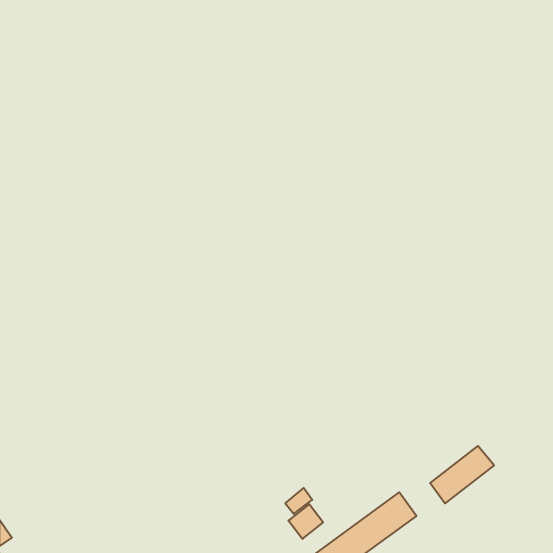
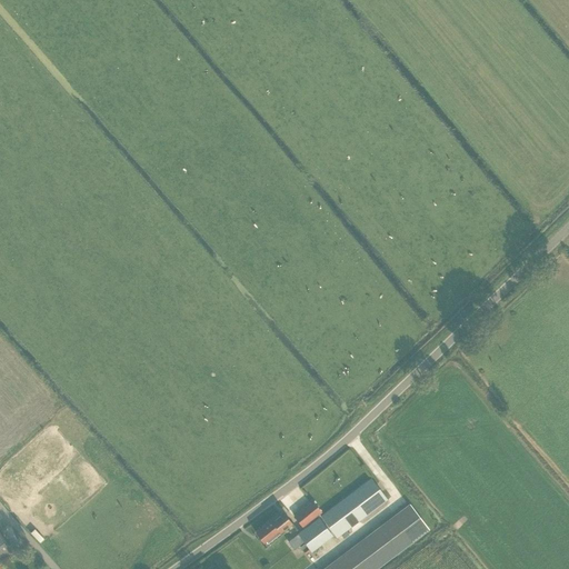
building: [430,446,494,503] -> [320,480,386,539]
building: none -> [254,512,291,545]

